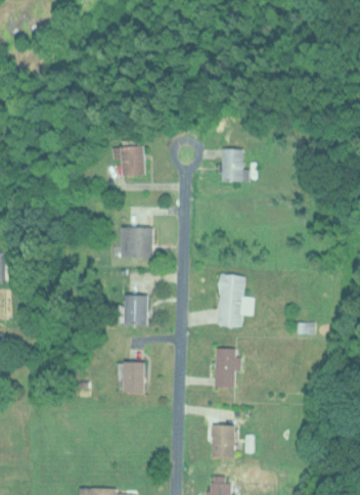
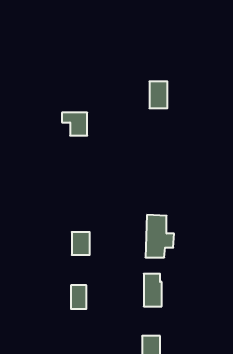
building: [221,148,243,182] -> [149,81,167,108]
building: [120,227,150,258] -> none

